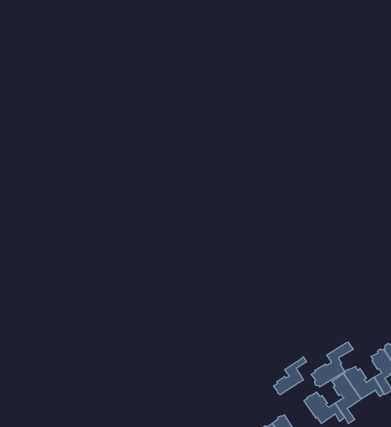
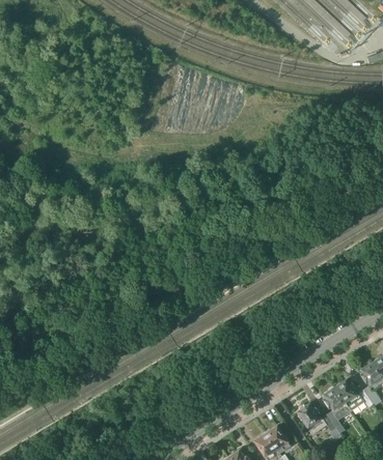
building: [311,342,353,387] -> none
building: [274,357,307,395] -> none

